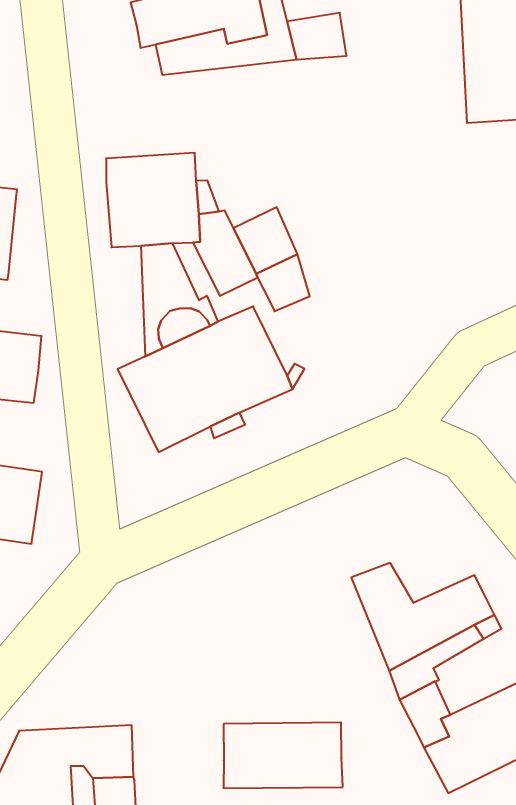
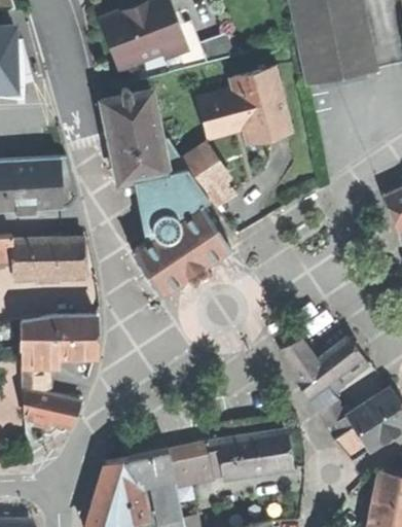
building: none -> [195,69,290,144]
building: none -> [100,90,156,134]
building: none -> [151,174,210,216]
building: none -> [168,438,222,481]

